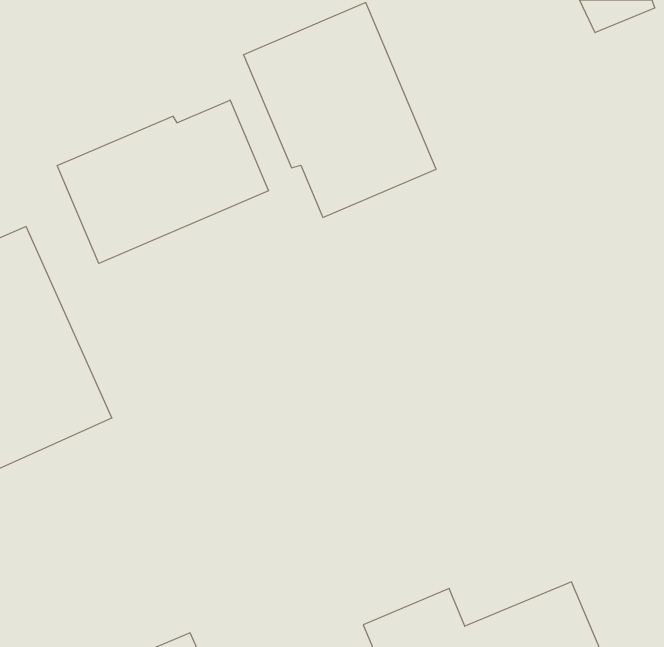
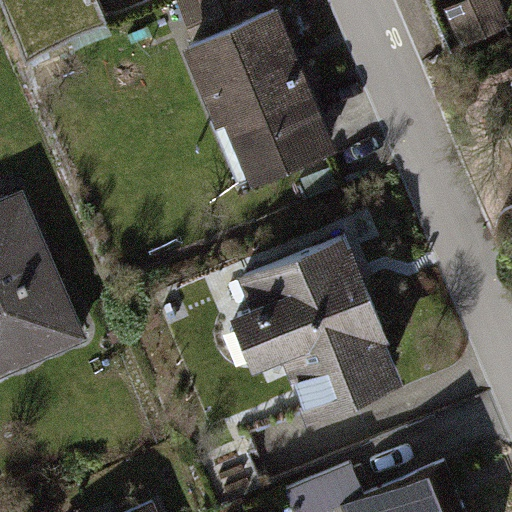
building: [57,100,269,263] -> none
building: none -> [220,244,400,422]

